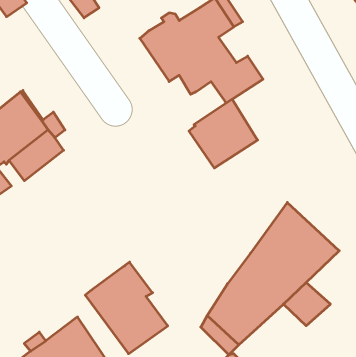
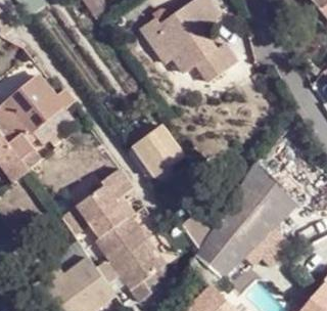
building: [189,99,258,168] -> [128,126,183,181]
building: none -> [76,166,130,234]

